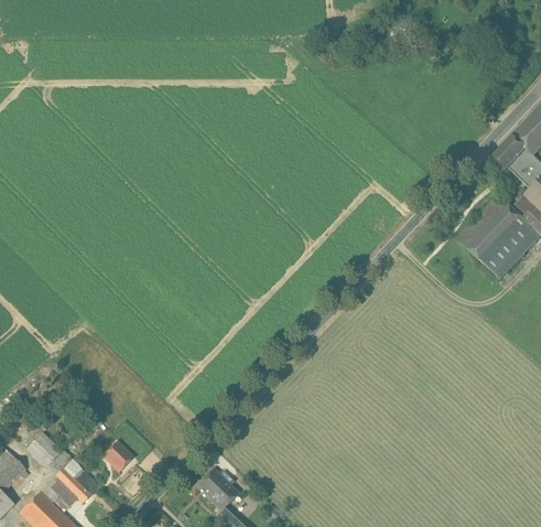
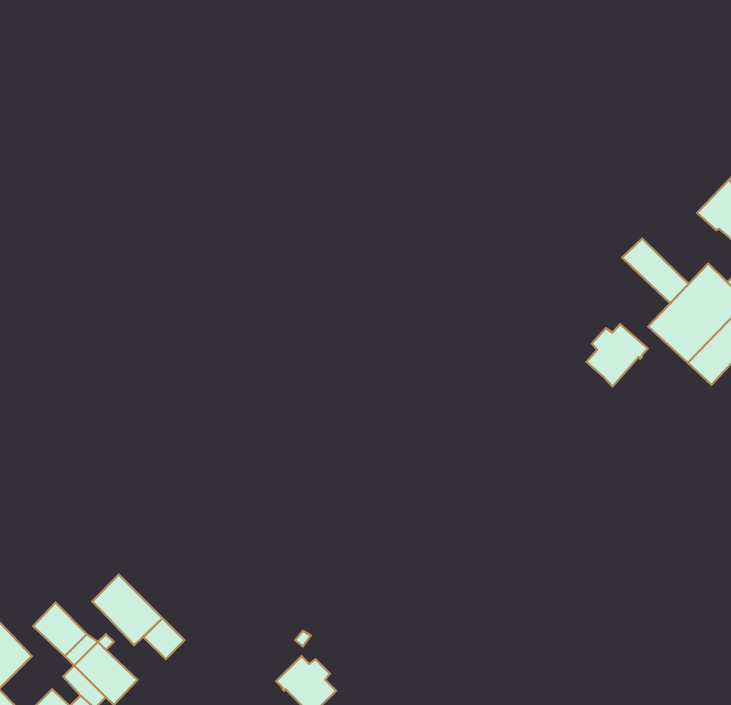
building: none -> [622,238,689,303]
building: none -> [586,324,648,387]
building: none -> [92,575,163,645]

